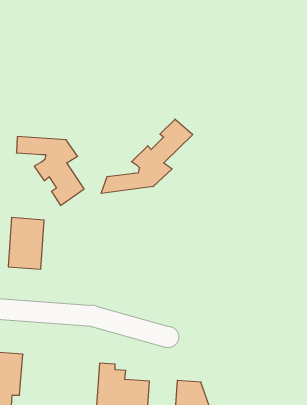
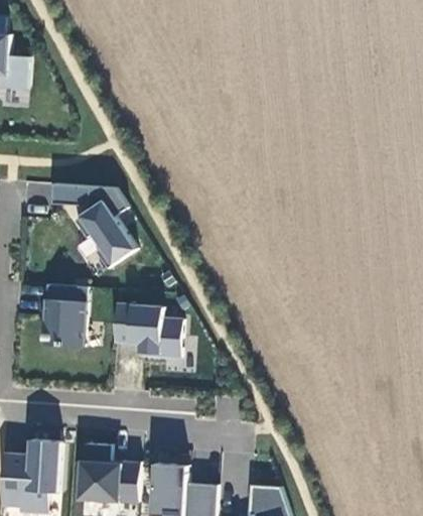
building: [101,119,193,193] -> none
building: none -> [109,302,179,357]
building: none -> [80,442,140,502]

